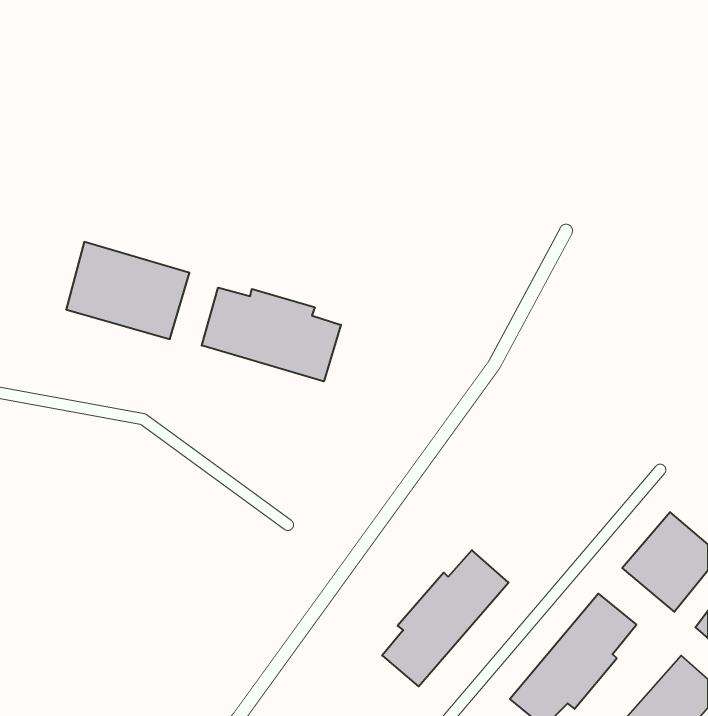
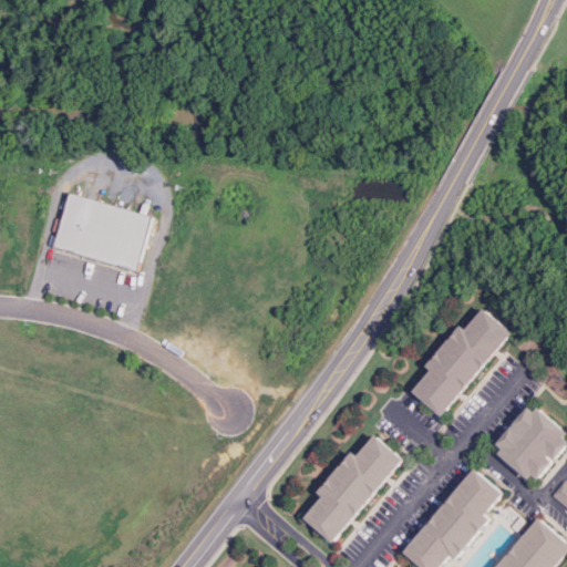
building: [202,288,341,381] -> none
building: none -> [410,308,509,417]

